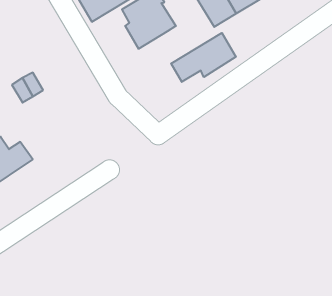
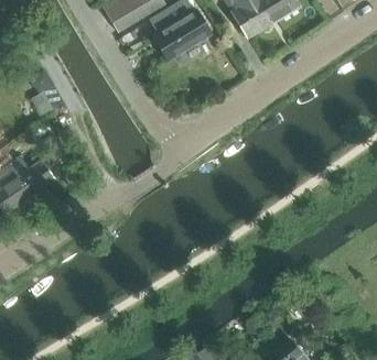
building: [171,33,236,82] -> none

